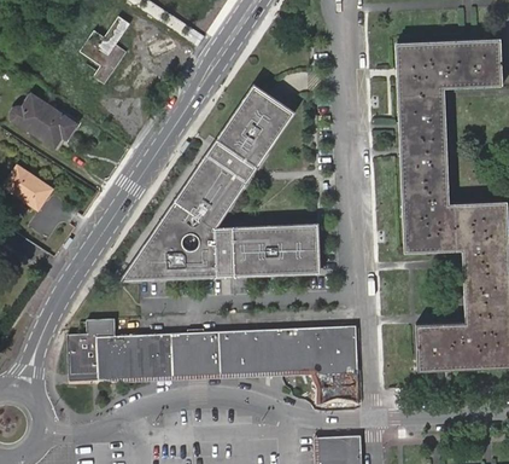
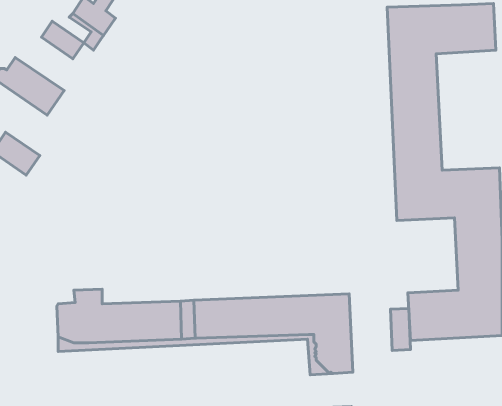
building: none -> [42,21,84,59]
building: [122,88,314,279] -> none
building: none -> [391,308,410,350]

